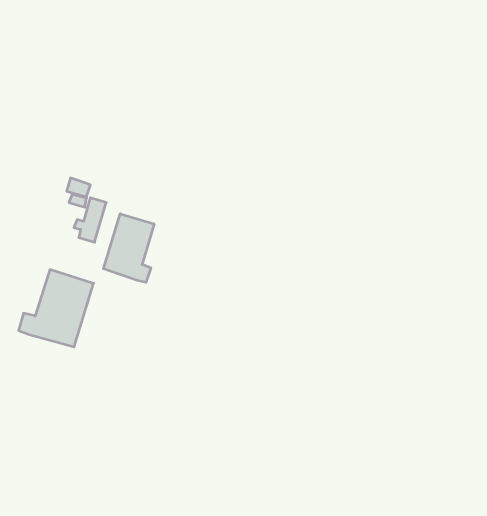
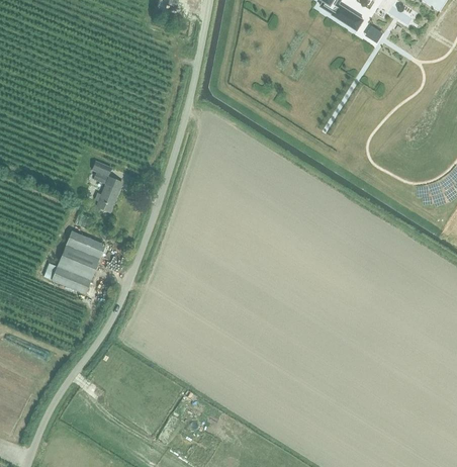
building: [103,214,154,282] -> none

